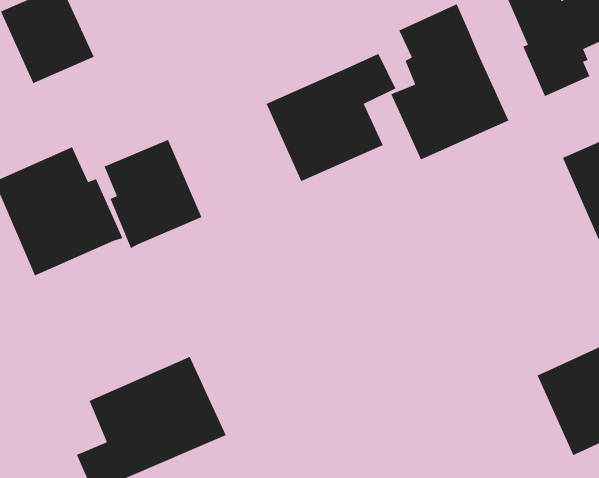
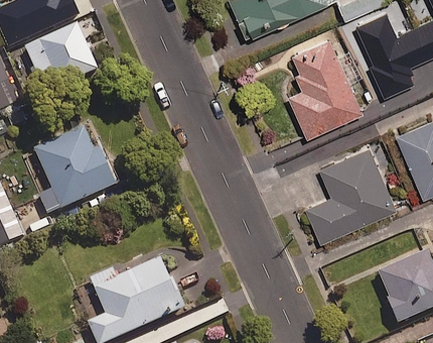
building: [265,53,397,182] -> none
building: [104,139,203,249] -> none
building: none -> [303,145,395,242]

